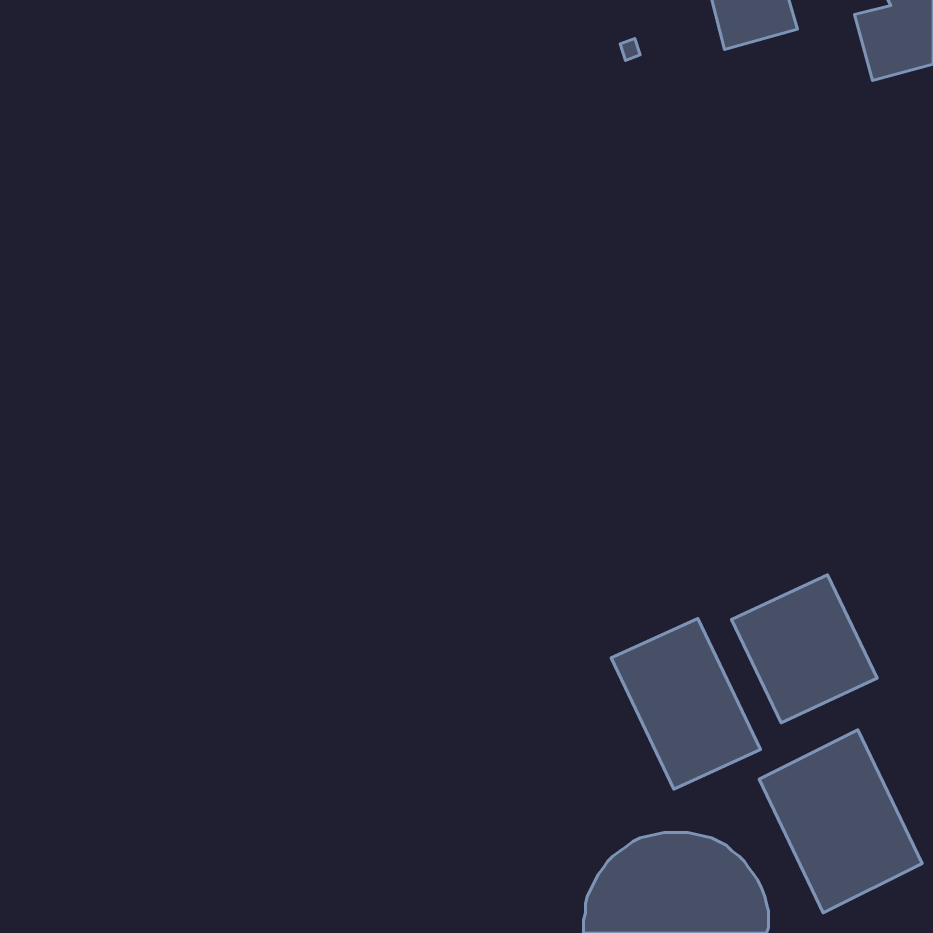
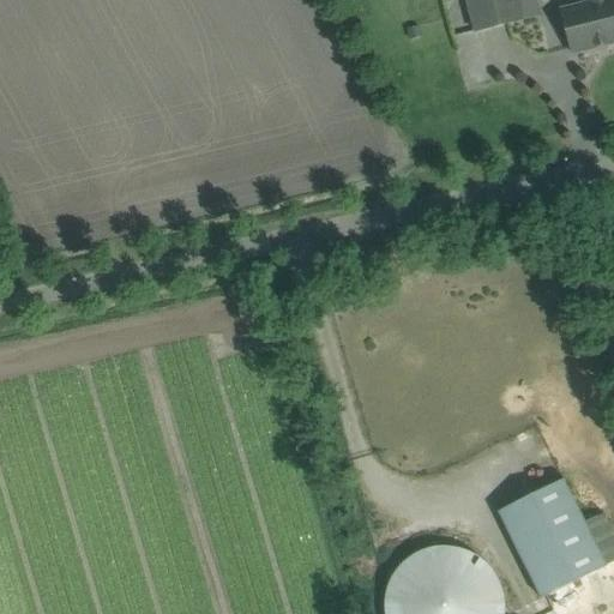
building: [731,575,877,723] -> none
building: [611,618,761,789] -> none

